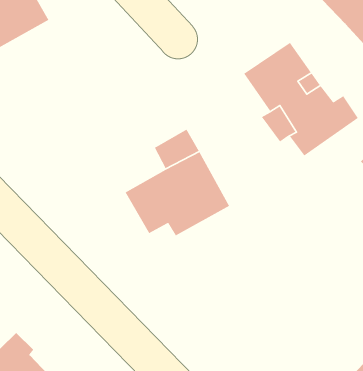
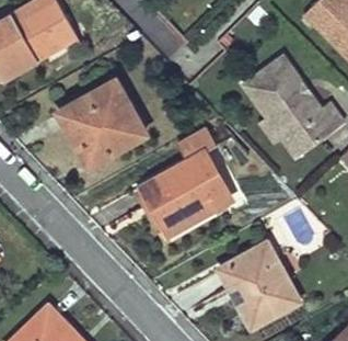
building: none -> [63,79,146,162]
building: none -> [218,241,298,326]

